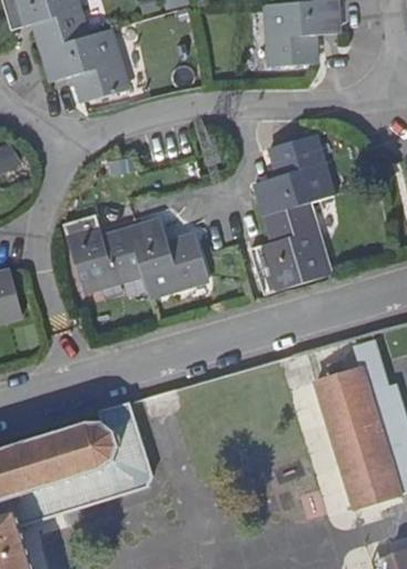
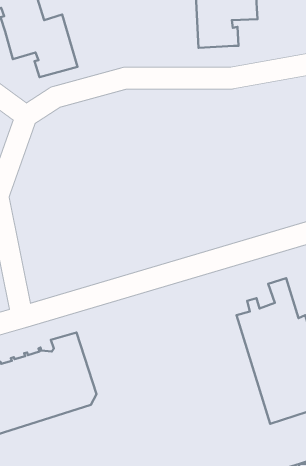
building: [251,137,332,295] -> none
building: [63,214,209,296] -> none

